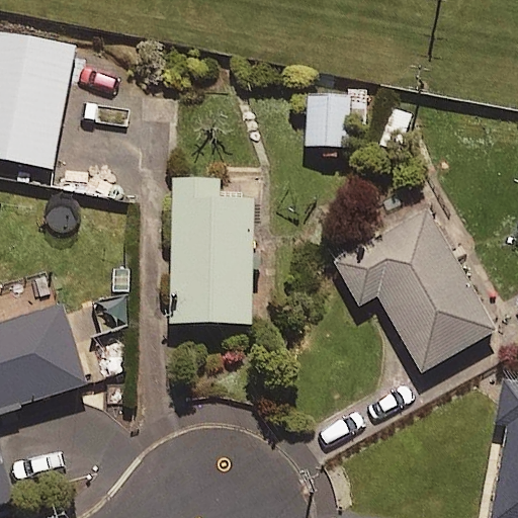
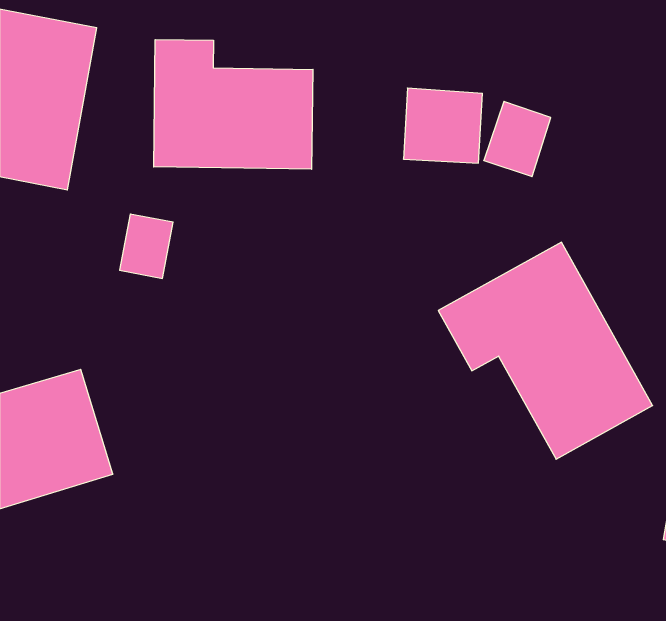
building: none -> [154,40,313,169]
building: [171,177,252,322] -> none

